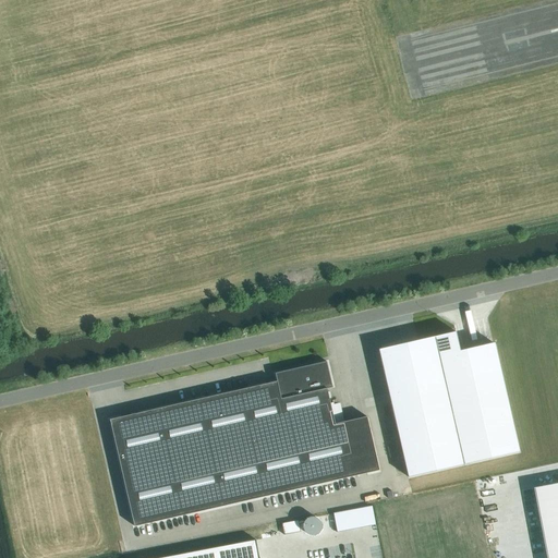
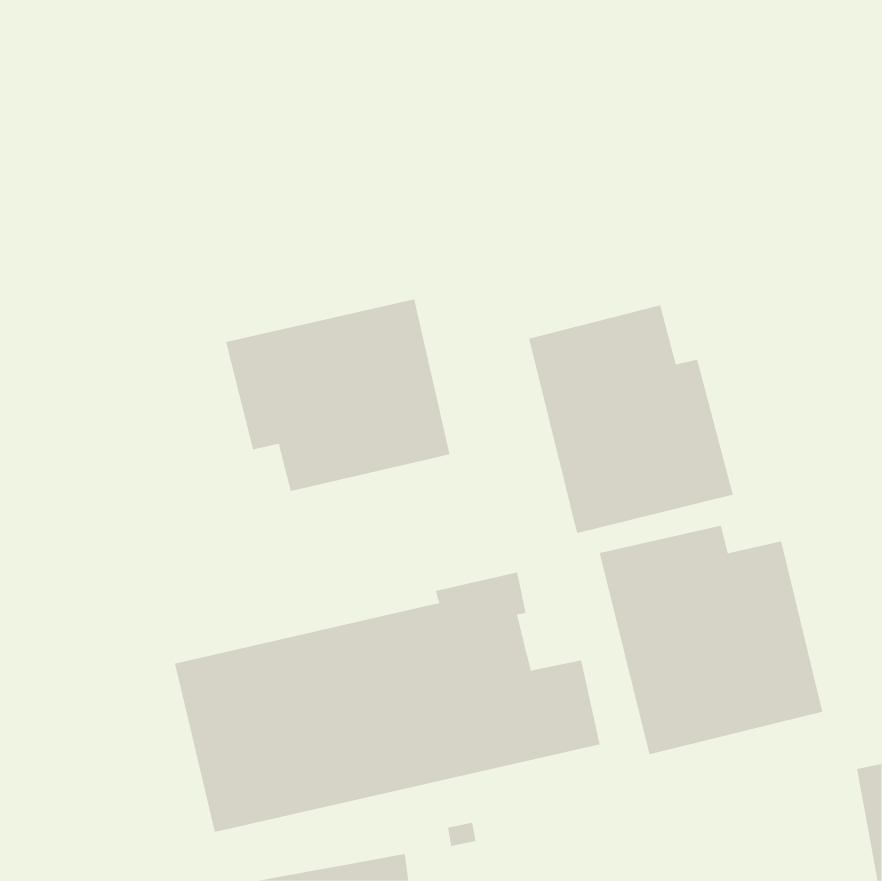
building: none -> [225,298,450,492]
building: none -> [528,304,733,534]

